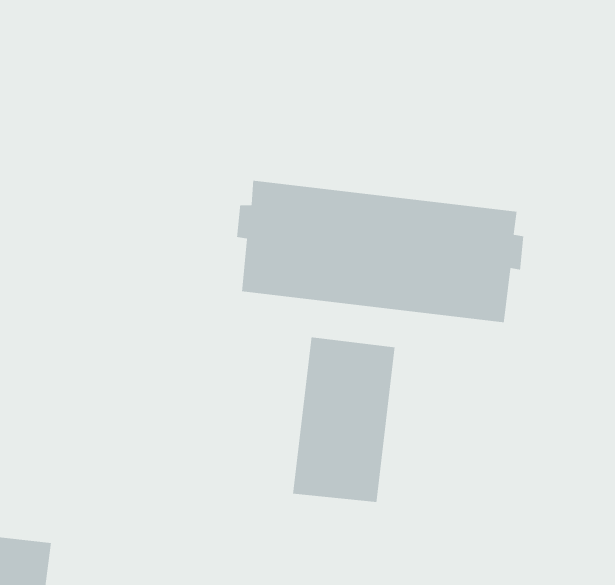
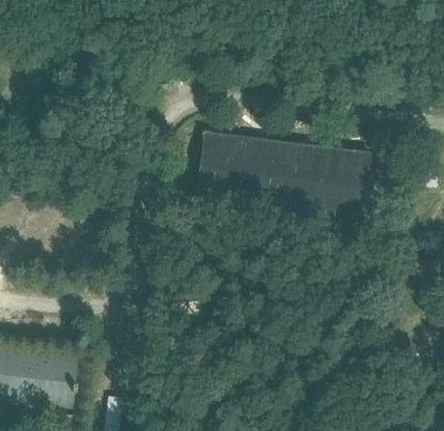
building: [292,336,395,503] -> none

